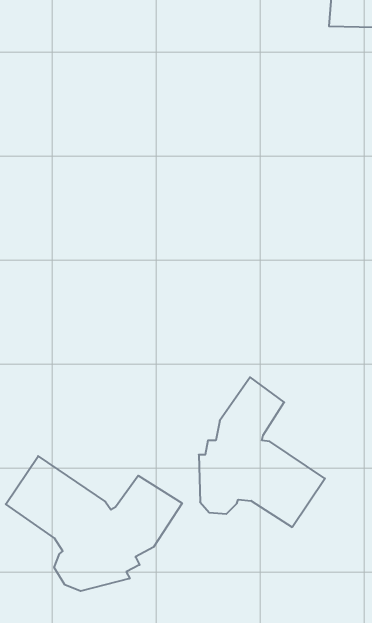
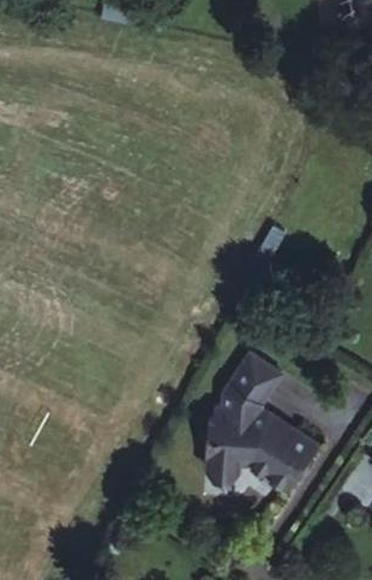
building: [6,456,182,591] -> none

